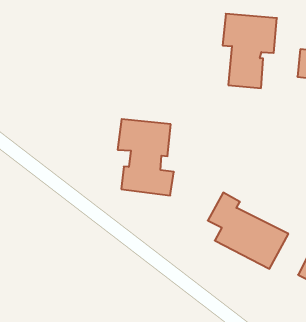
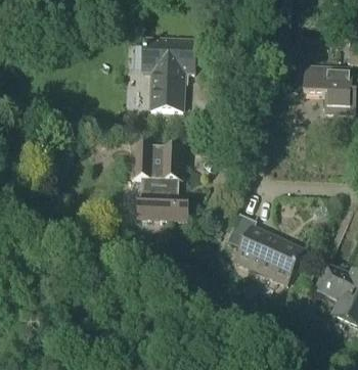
building: [223,14,277,88] -> [142,37,194,108]

